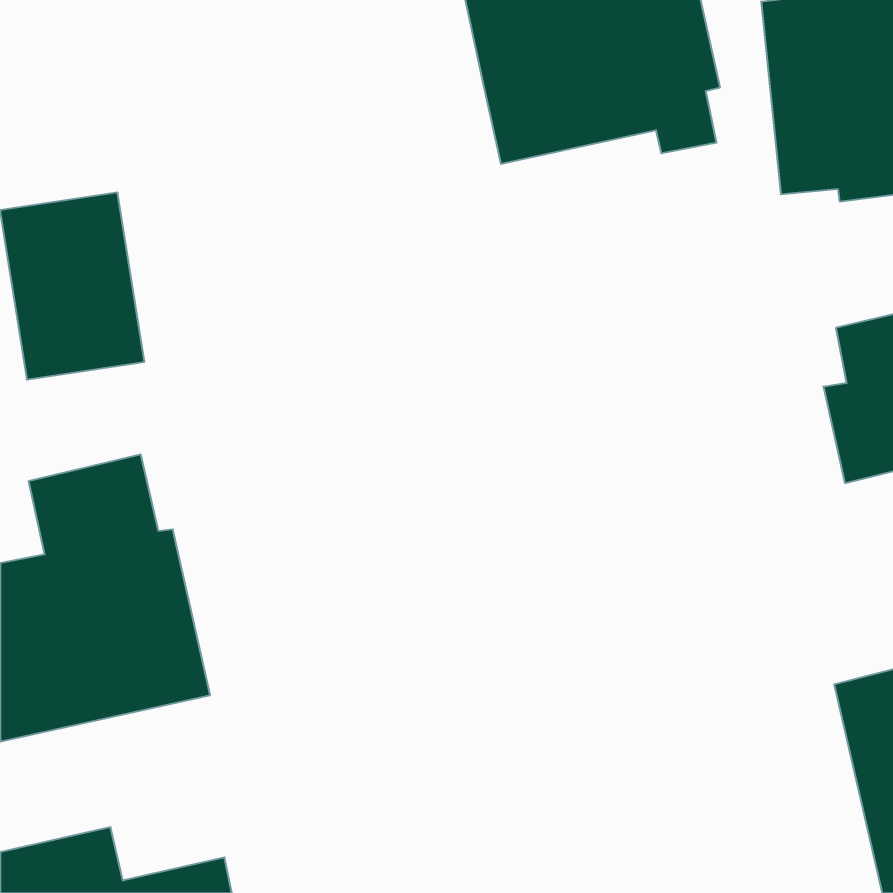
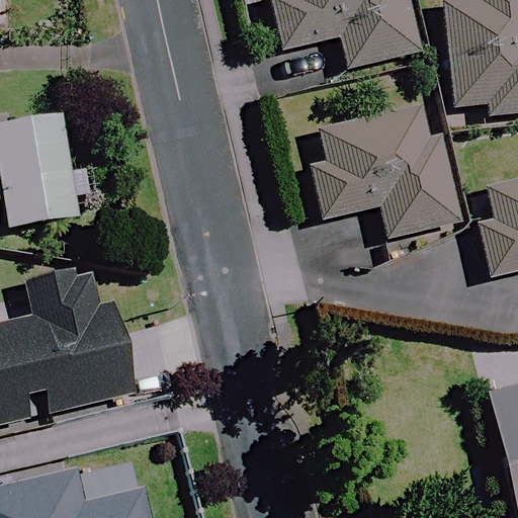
building: none -> [305,102,460,238]

